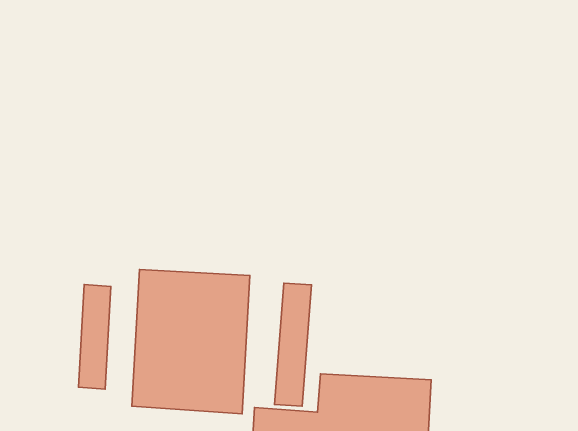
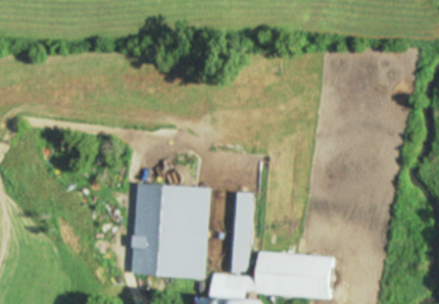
building: [78,284,111,389] -> none

